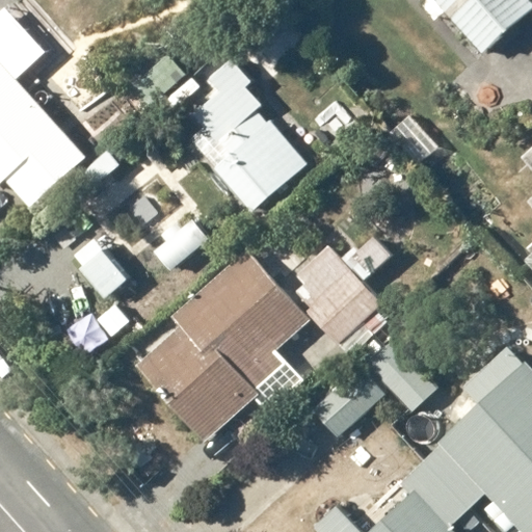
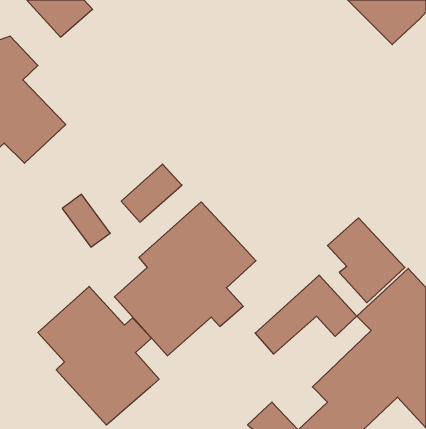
building: [190,57,304,207] -> none
building: [290,243,385,348] -> [327,218,405,303]
building: none -> [38,286,159,425]

